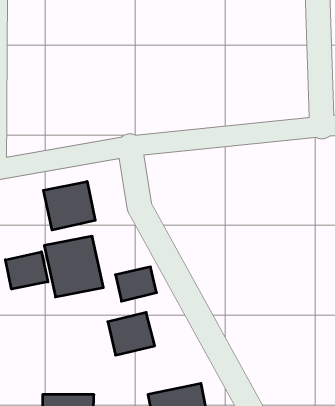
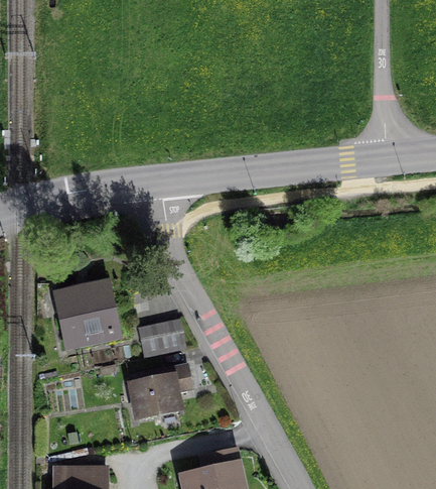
building: [43,181,95,230] -> none
building: [5,252,48,289] -> none

